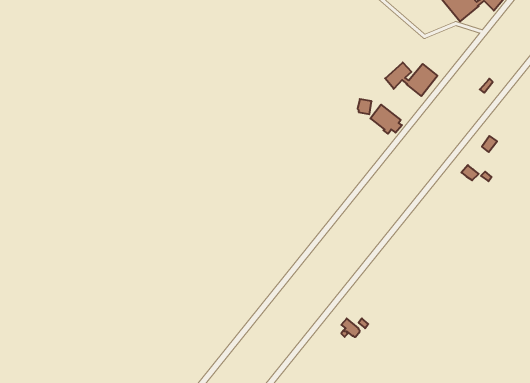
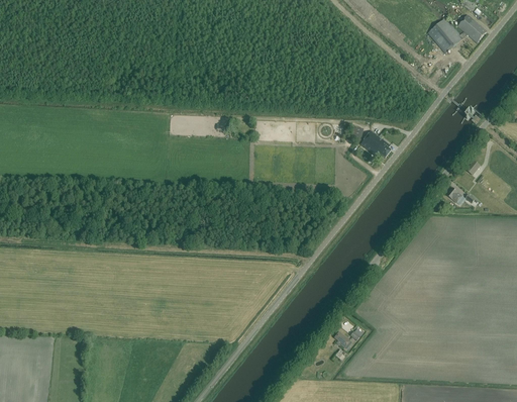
building: [385,62,437,96] -> none

